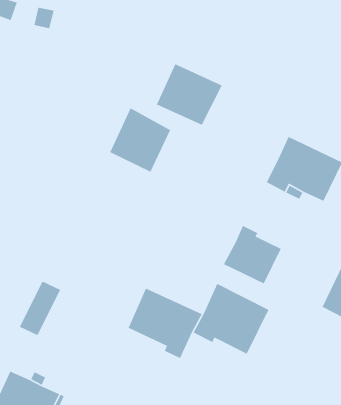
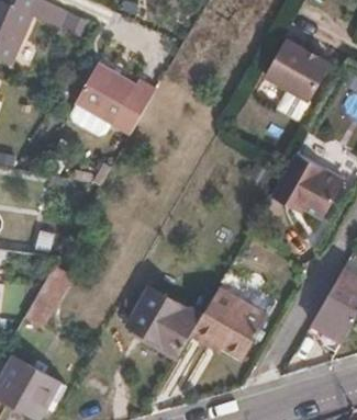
building: [156,63,223,126] -> [261,43,326,104]
building: [109,107,171,173] -> [74,65,134,128]
building: [223,225,282,285] -> none

